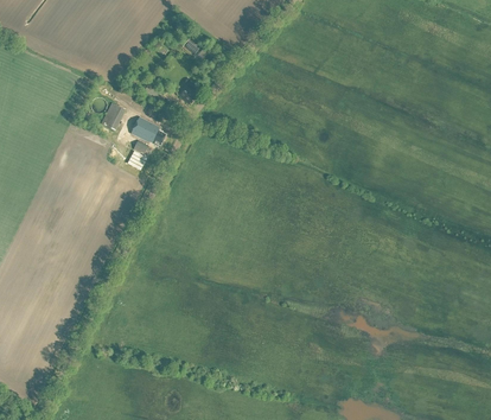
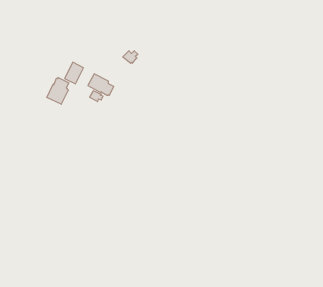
building: none -> [47,77,69,104]

